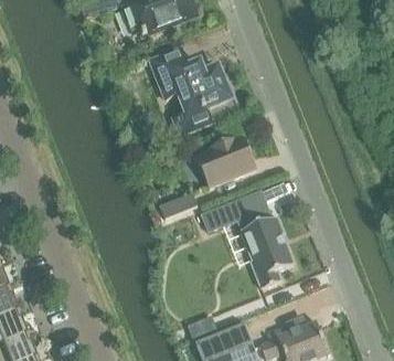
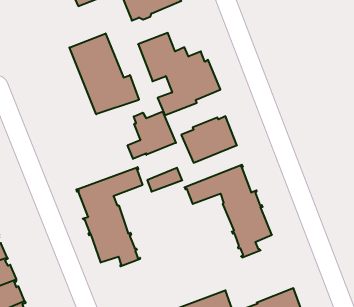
building: none -> [69,33,139,114]
building: none -> [128,112,176,159]
building: none -> [76,167,142,266]

